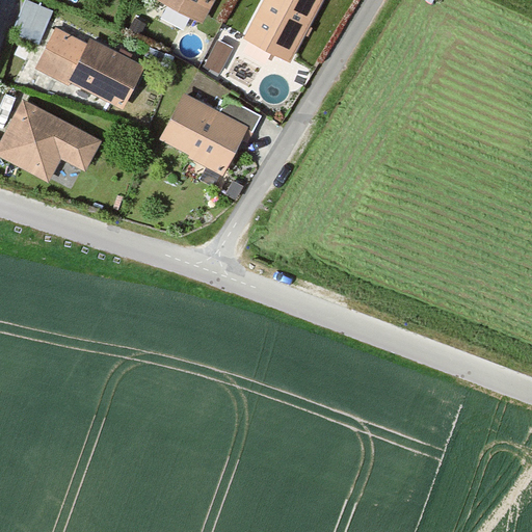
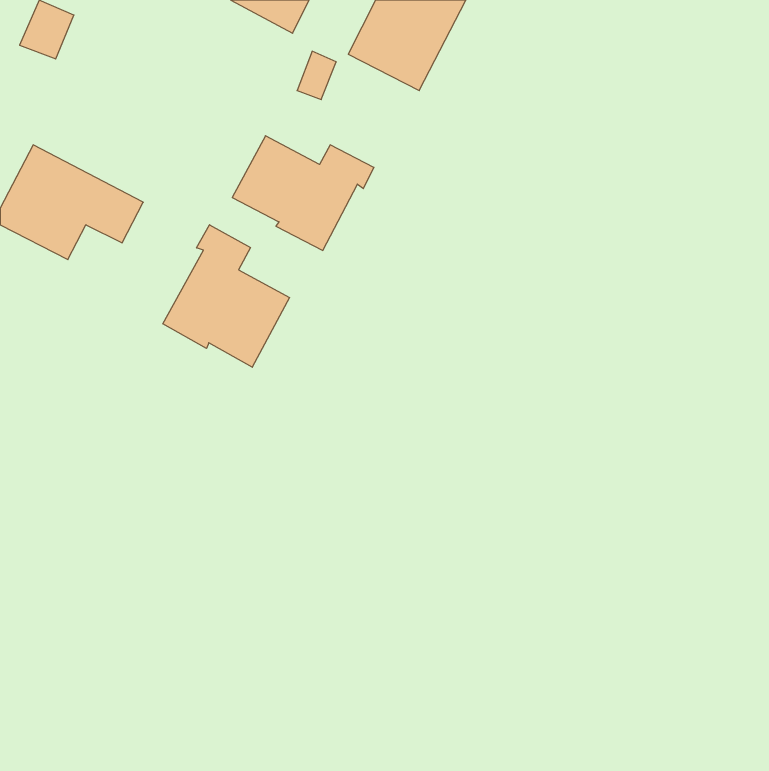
building: [37,28,143,106] -> none
building: none -> [163,225,290,367]

